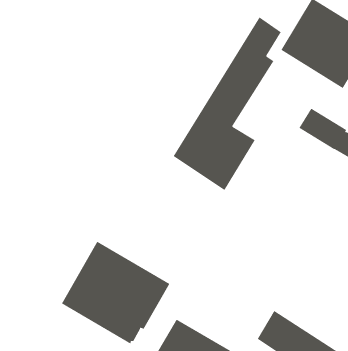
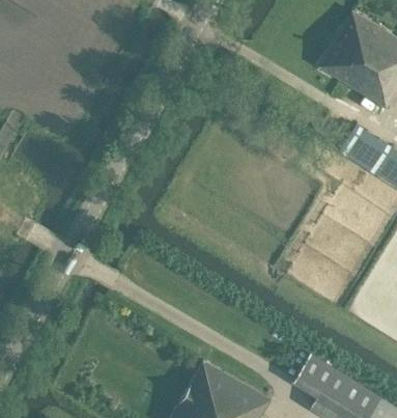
building: [173,17,282,191] -> none
building: [61,241,170,345] -> none

